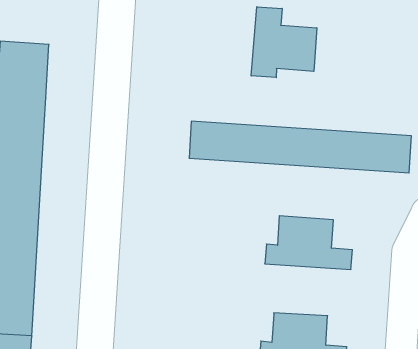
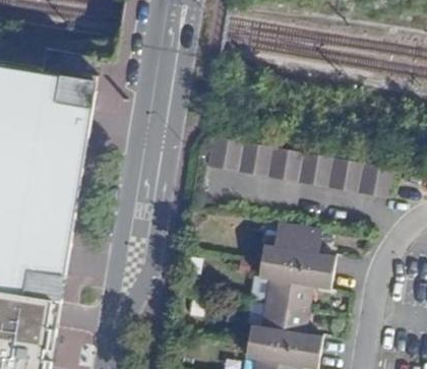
building: [251,7,317,78] -> none
building: none -> [258,261,331,310]

